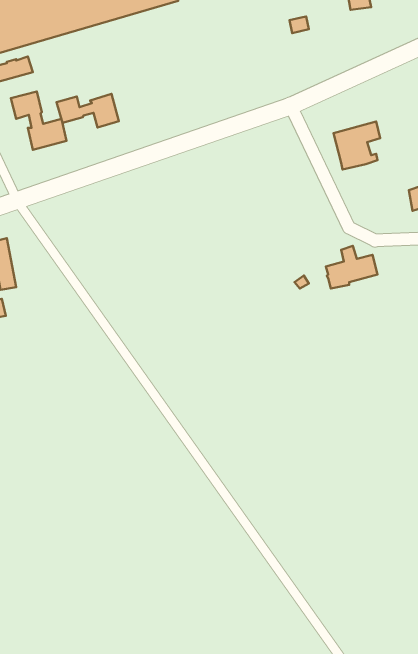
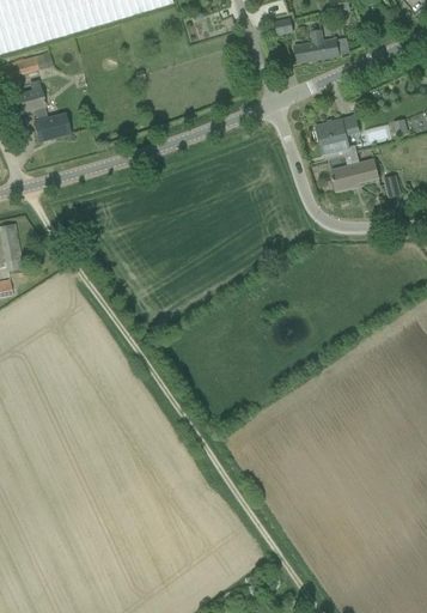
building: none -> [293,29,348,62]
building: [57,94,119,128] -> none
building: [326,246,378,289] -> [330,151,378,190]

